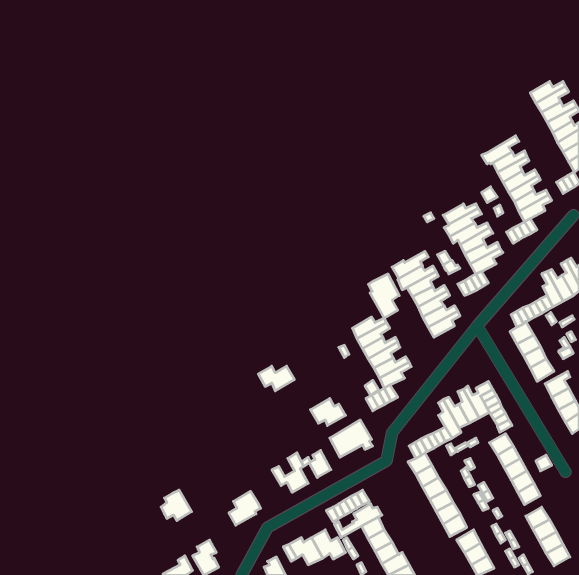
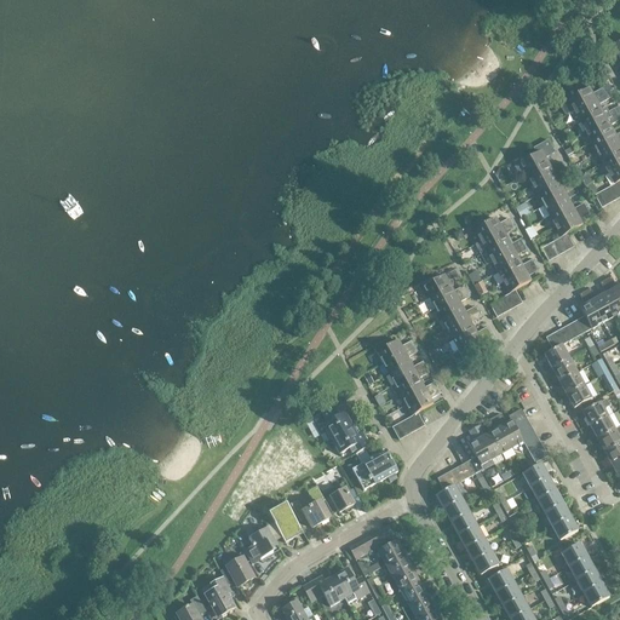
building: [368,274,399,318] -> none
building: [258,366,294,391] -> [314,412,352,438]
building: none -> [268,500,304,541]
building: [161,490,192,521] -> [220,552,253,585]

